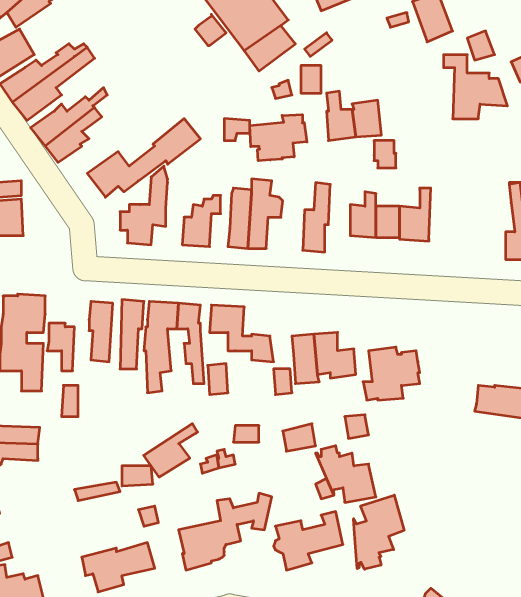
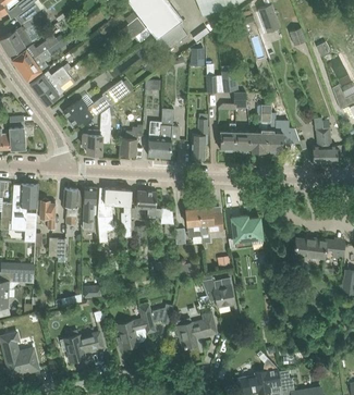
building: [444,55,507,119] -> [261,113,300,151]
building: [250,115,307,161] -> none
building: [144,424,198,477] -> none
building: [354,495,404,569] -> none

